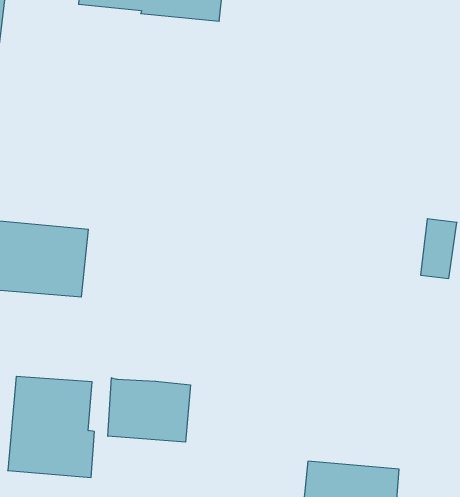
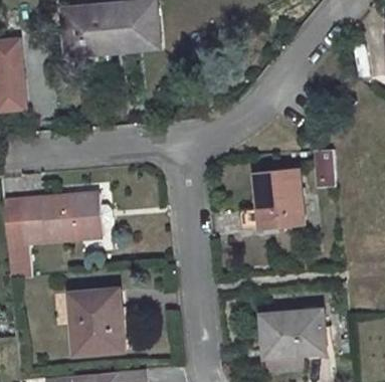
building: none -> [237,168,304,230]
building: [108,378,190,442] -> none

